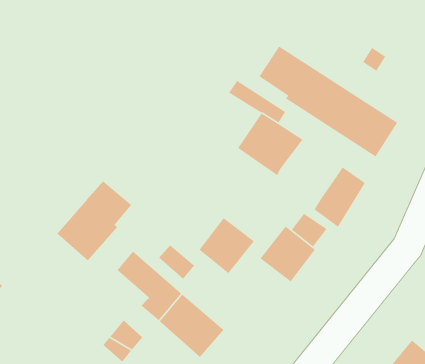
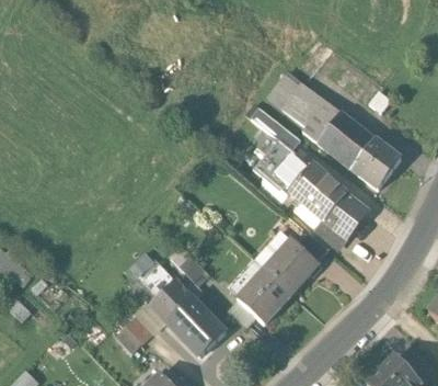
building: none -> [291,166,346,219]
building: [56,180,132,261] -> none
building: [198,217,255,274] -> [239,269,290,320]

